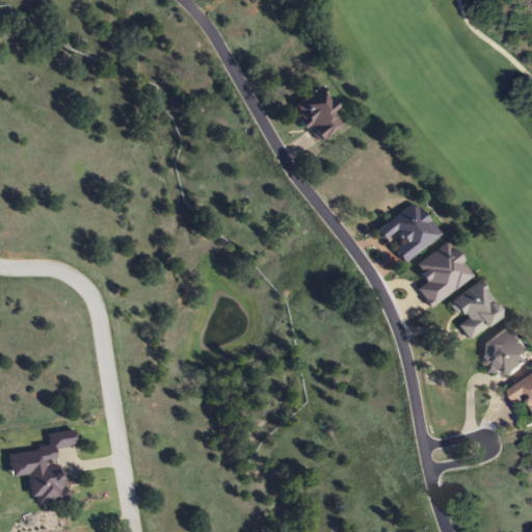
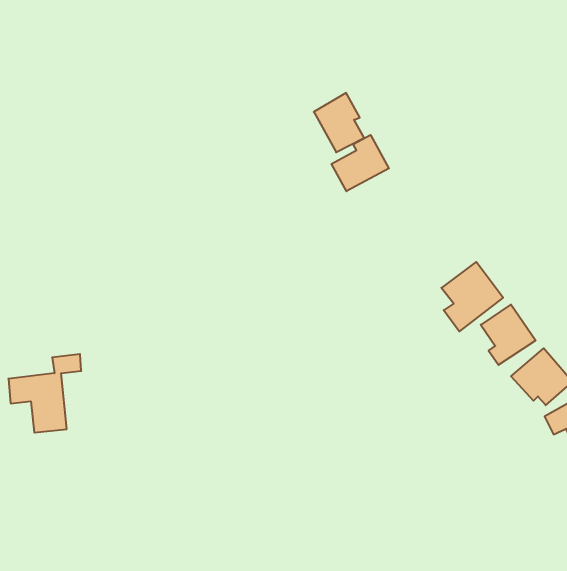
building: none -> [331,135,389,191]
building: [377,202,441,262] -> none
building: [9,429,77,502] -> [8,354,81,433]

